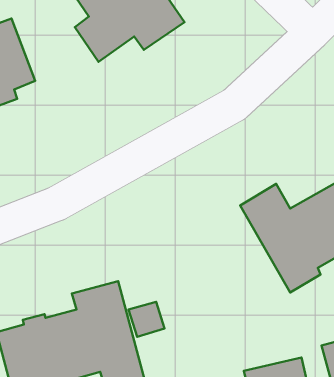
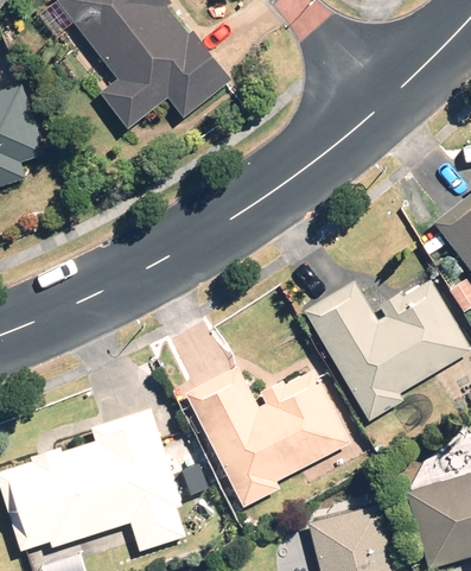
building: none -> [183,367,350,512]

